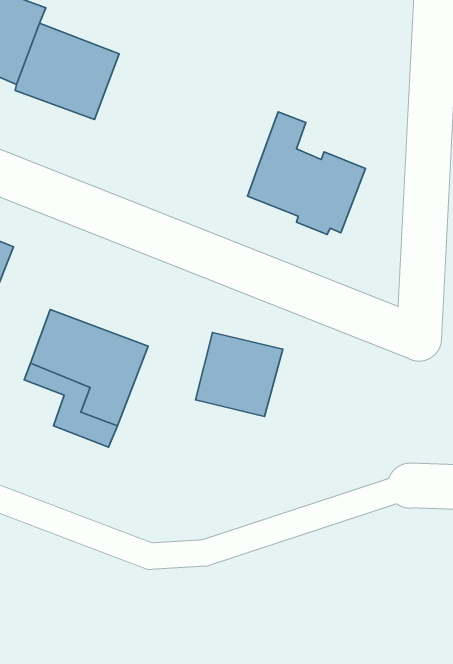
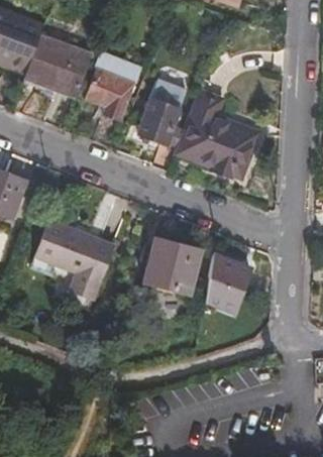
building: none -> [86,51,140,147]
building: none -> [140,85,187,172]
building: none -> [206,249,251,312]

